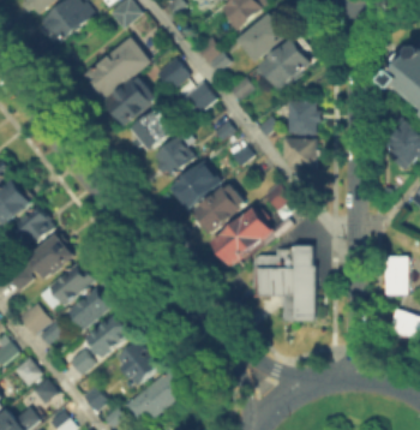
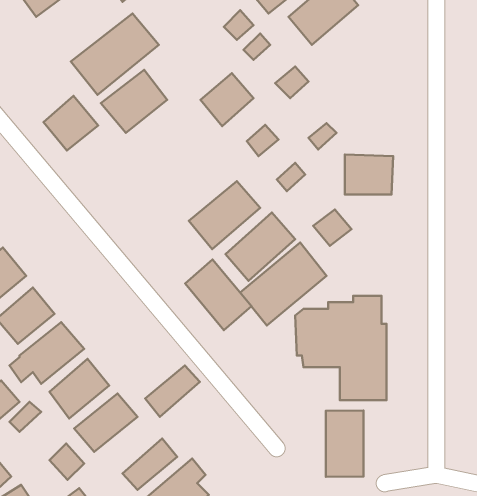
building: [256,36,313,89] -> none
building: [158,59,190,91] -> none
building: [287,101,318,133] -> none
building: [133,111,173,150] -> [44,96,98,151]
building: [151,138,194,178] -> none
building: none -> [185,260,251,330]
building: none -> [326,411,364,477]
building: [112,334,151,371] -> [145,365,200,417]

